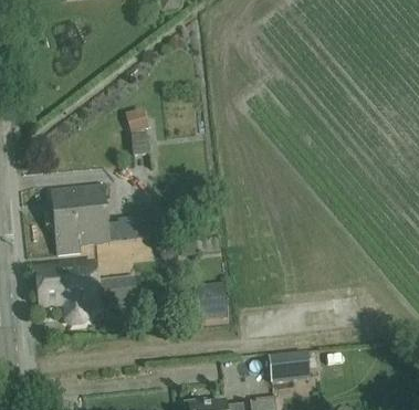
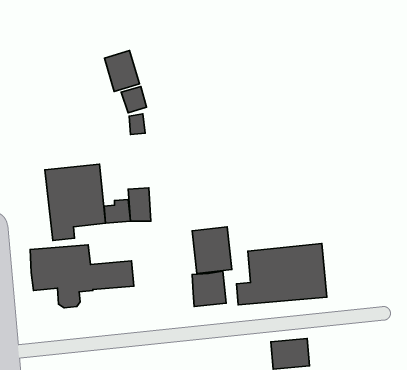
building: none -> [104,51,139,92]
building: none -> [192,227,232,274]
building: none -> [236,244,327,305]

